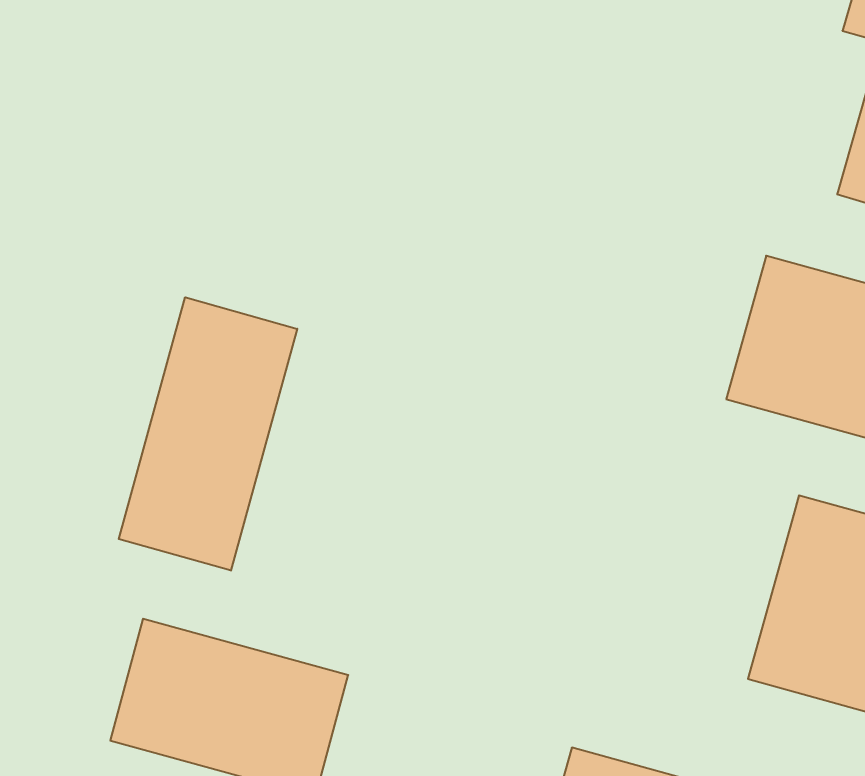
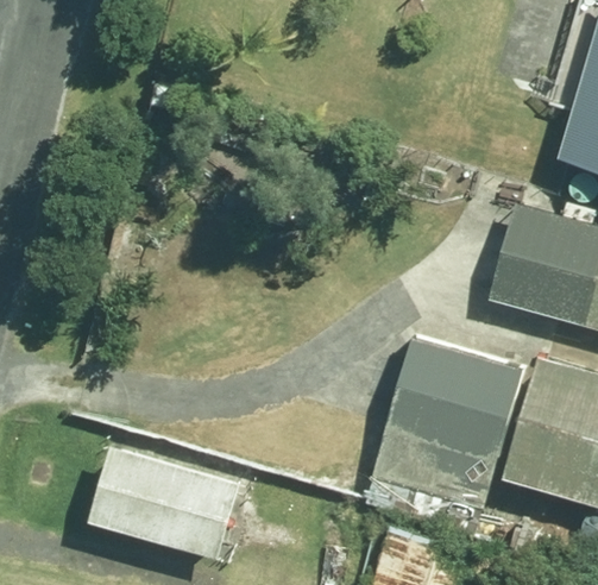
building: [119,297,297,571] -> none
building: none -> [377,342,535,498]

